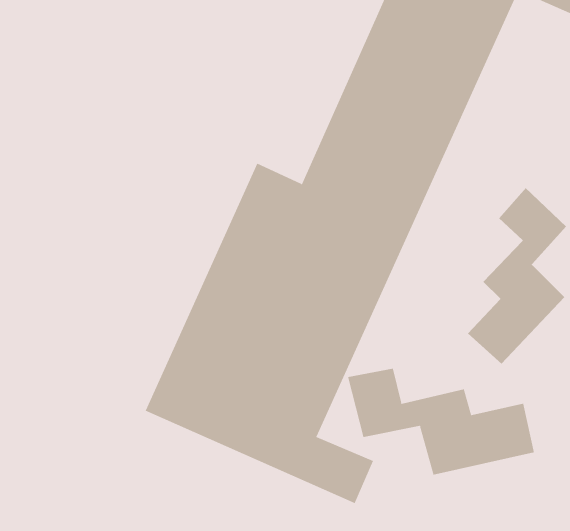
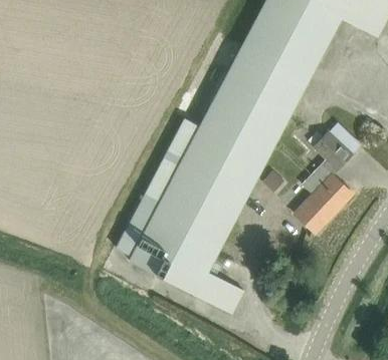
building: [348,368,535,476] -> none

